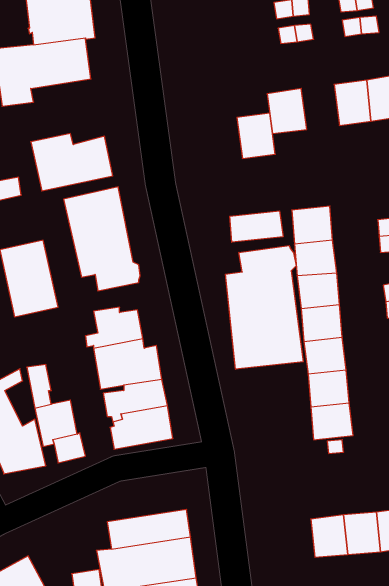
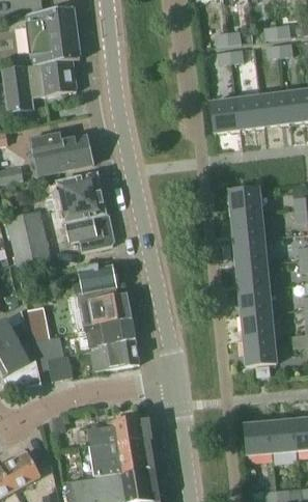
building: [237,113,275,158] -> [236,94,265,129]
building: [230,211,283,242] -> none
building: [225,246,303,369] -> none

